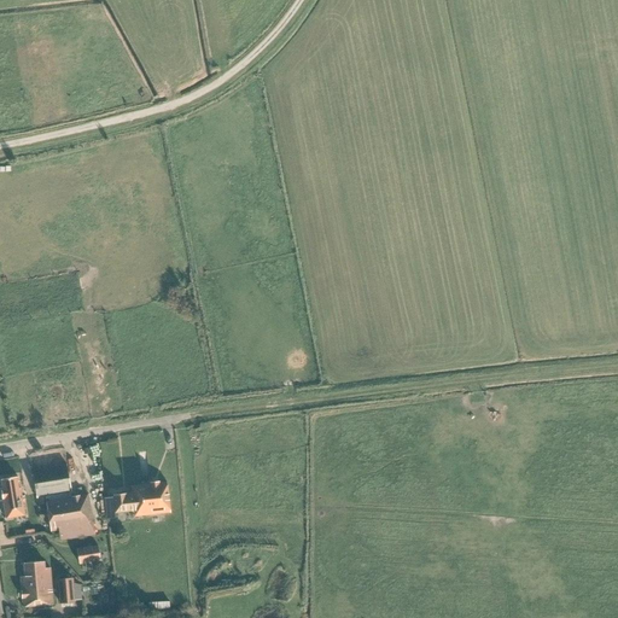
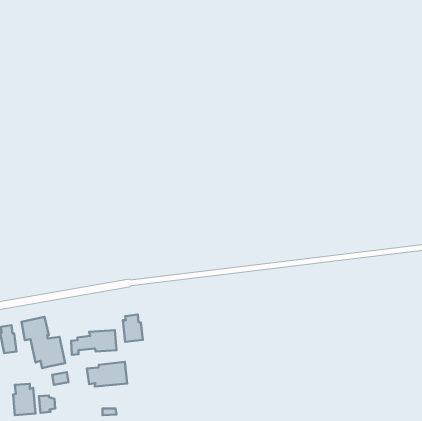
building: none -> [123,314,143,342]
building: none -> [87,362,127,387]

